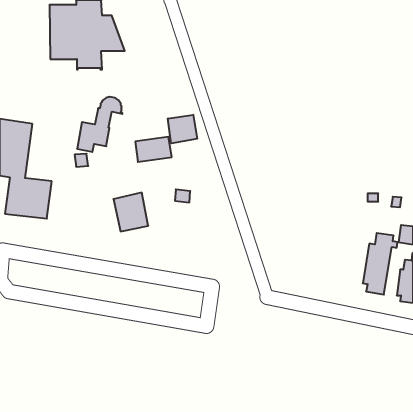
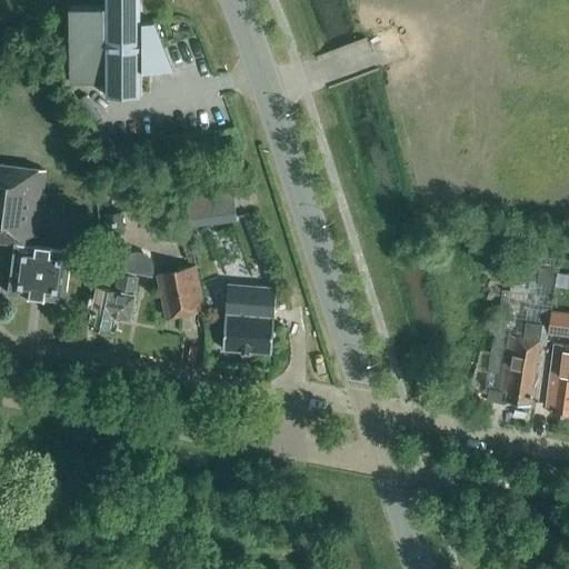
building: [77,97,122,152] -> [89,254,151,330]
building: [168,115,197,143] -> none
building: none -> [221,284,276,355]

